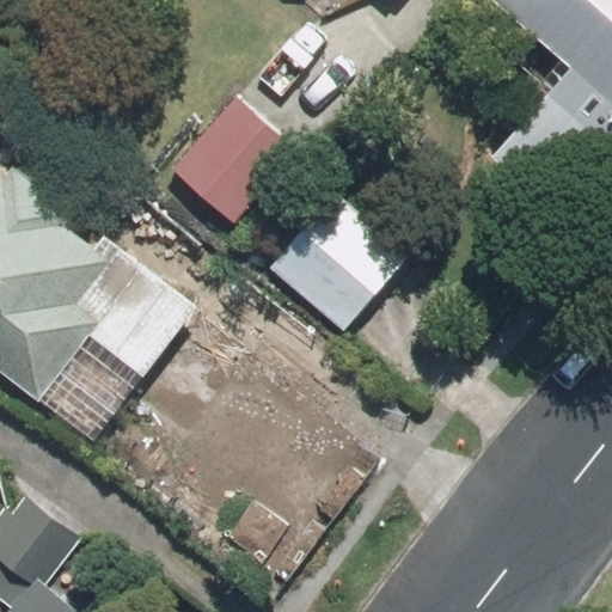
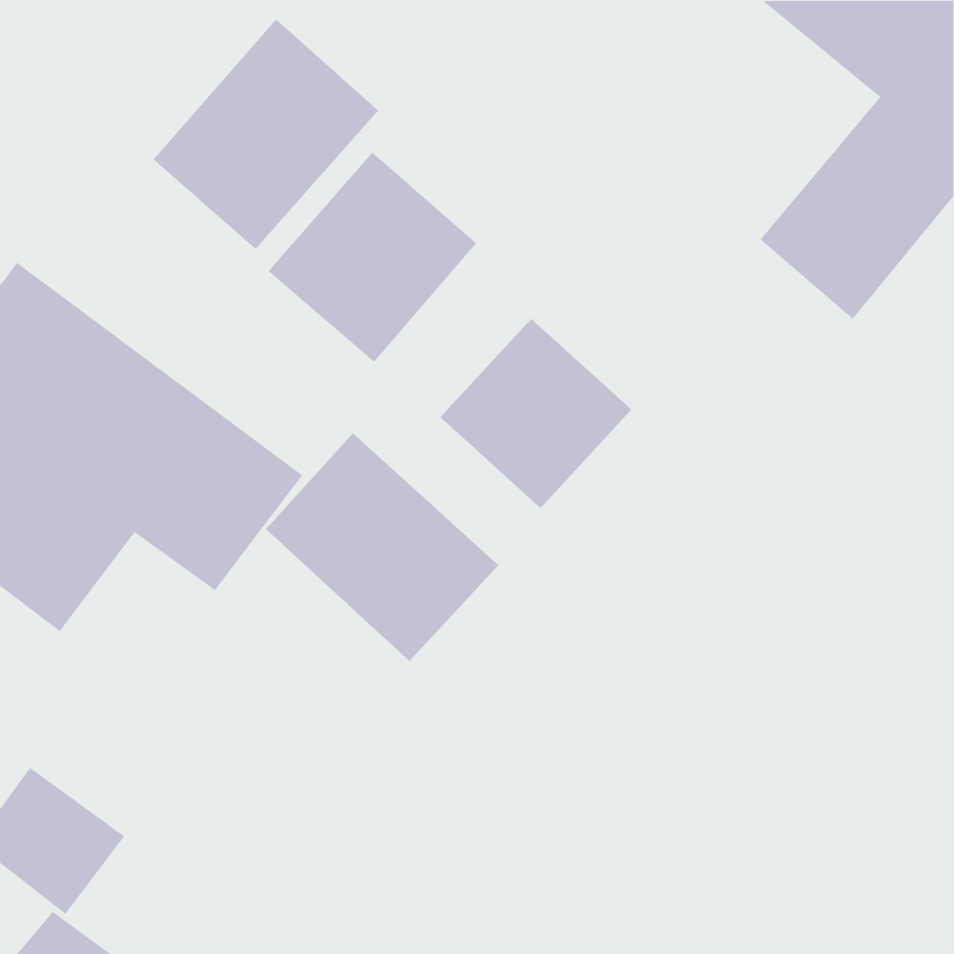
building: none -> [153,19,379,250]
building: none -> [265,432,499,662]

